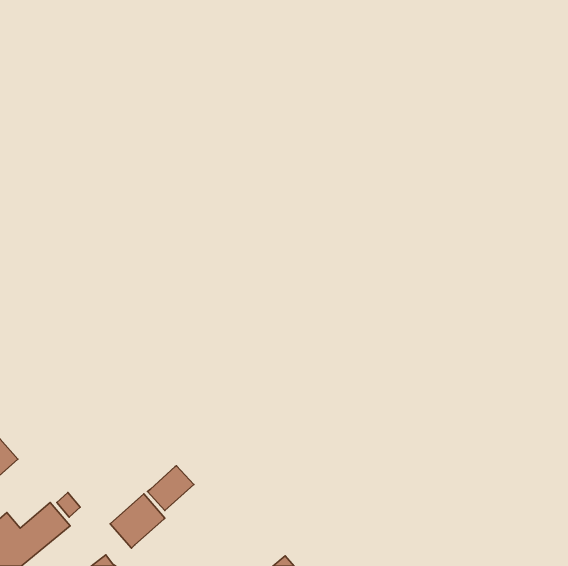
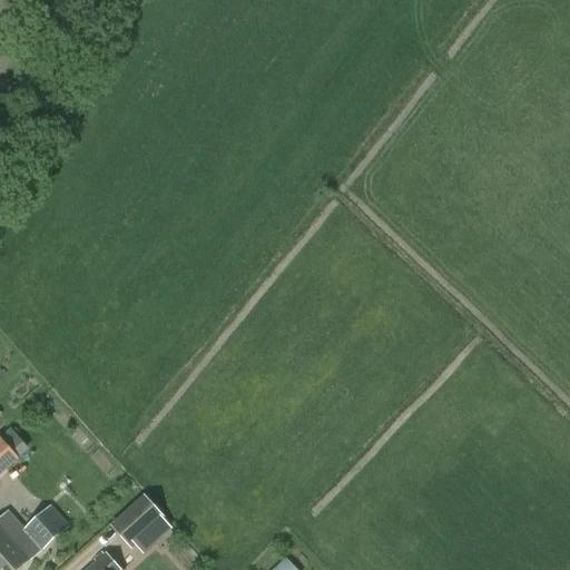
building: [147,466,194,510] -> none

